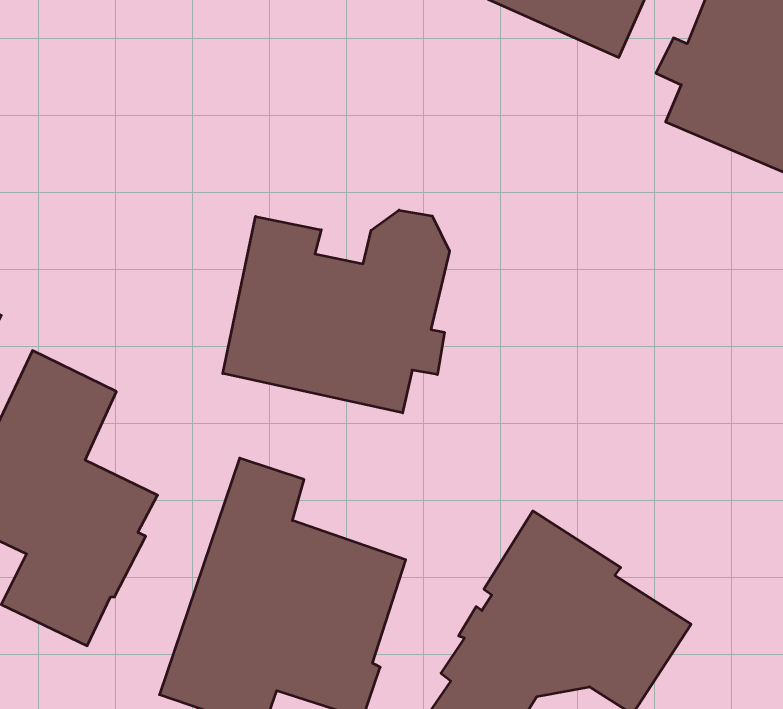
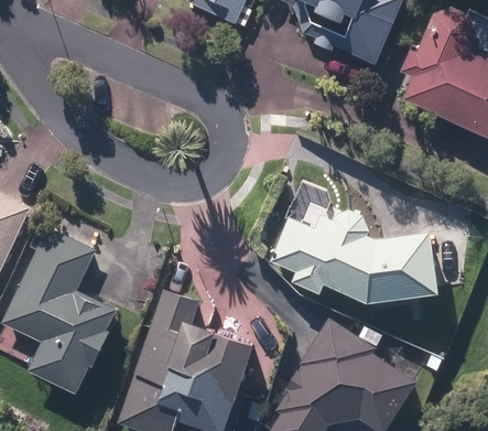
building: [223,210,449,413] -> none
building: none -> [269,212,438,305]

